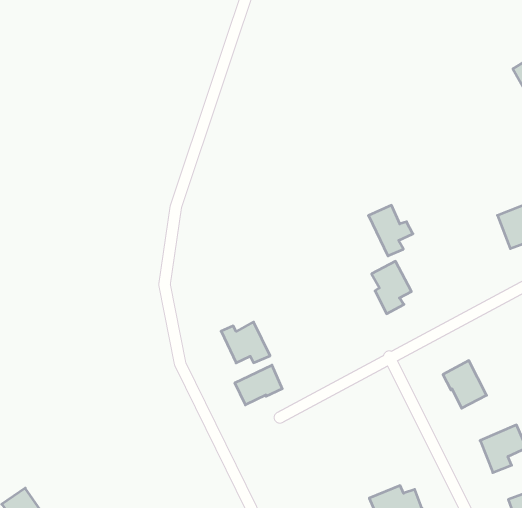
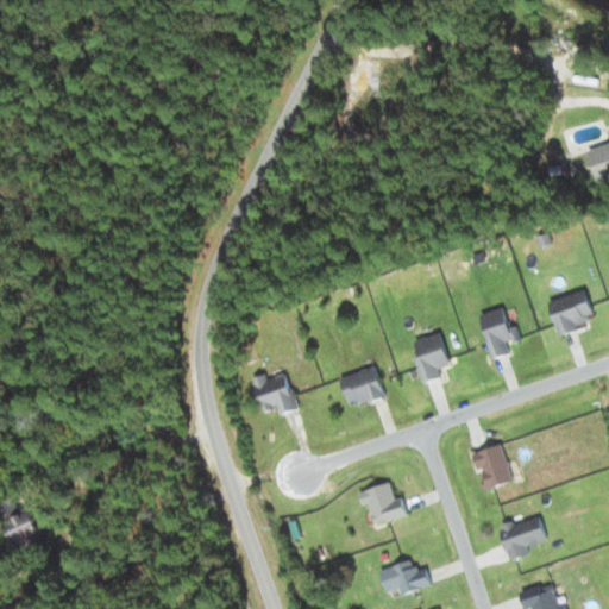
building: [368,205,413,256] -> [478,307,521,358]
building: none -> [339,364,384,407]
building: [235,365,282,405] -> none
building: none -> [357,482,407,526]

